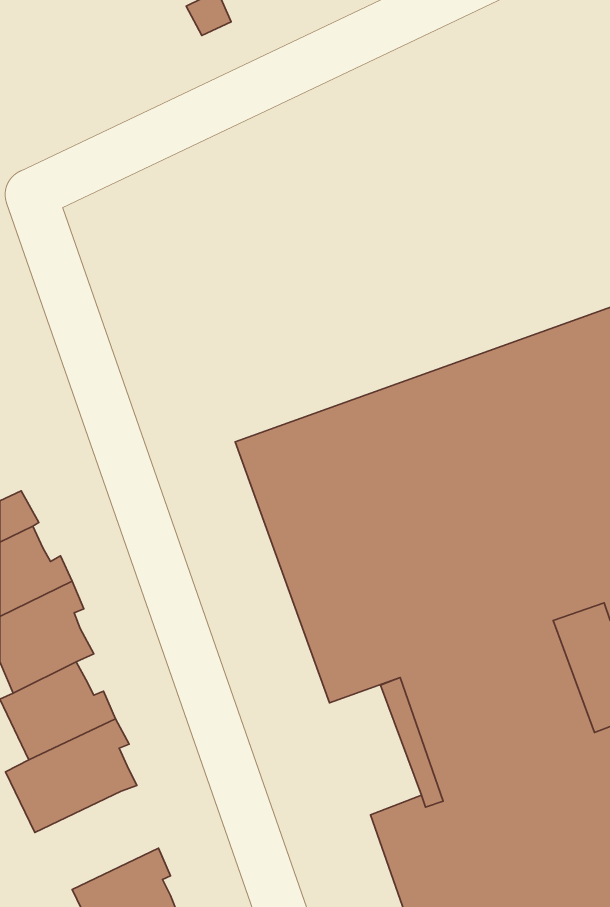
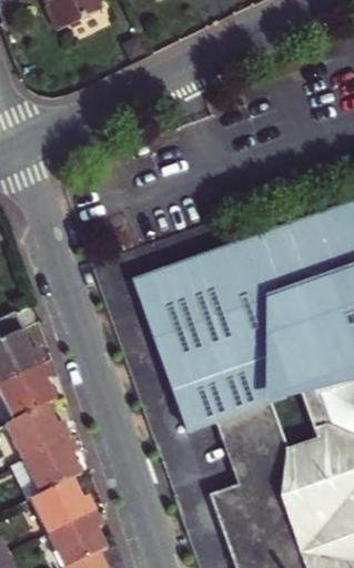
building: none -> [17,478,93,534]

